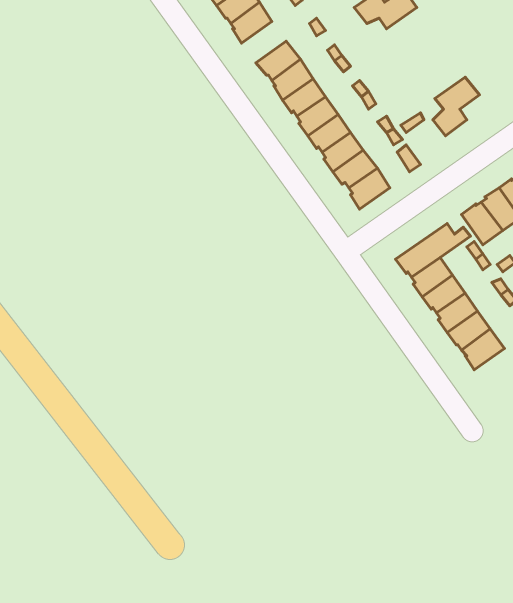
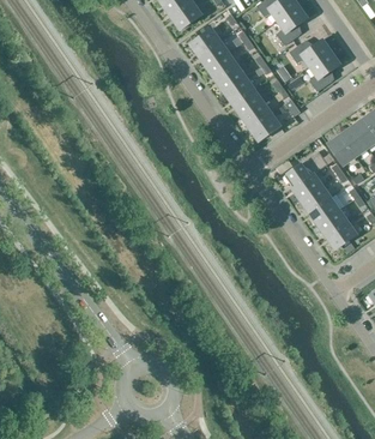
building: none -> [277,6,308,46]
building: none -> [289,40,331,67]

